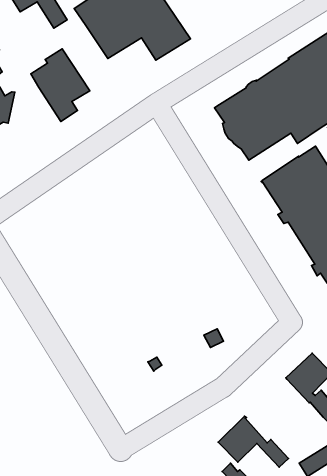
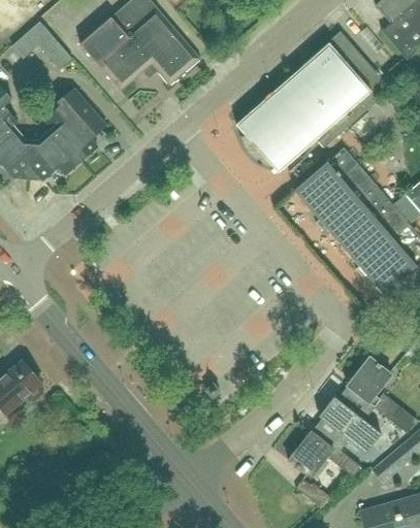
building: none -> [30,130,83,180]
building: none -> [312,387,382,454]

